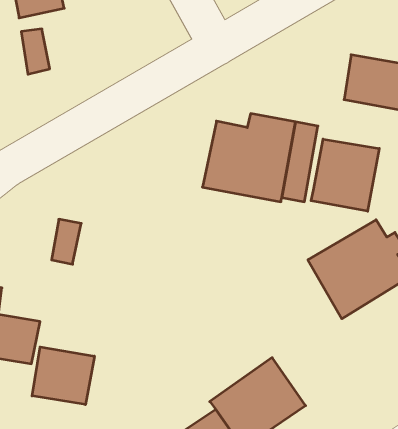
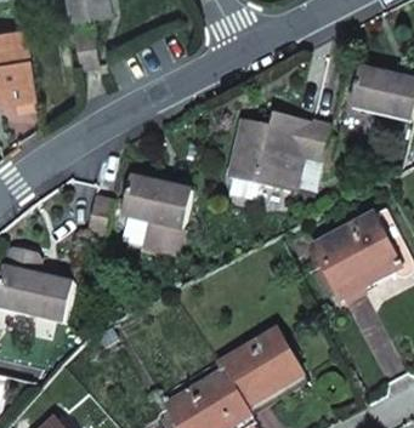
building: [311,139,379,211] -> none
building: none -> [119,177,189,256]
building: [32,347,94,405] -> none

